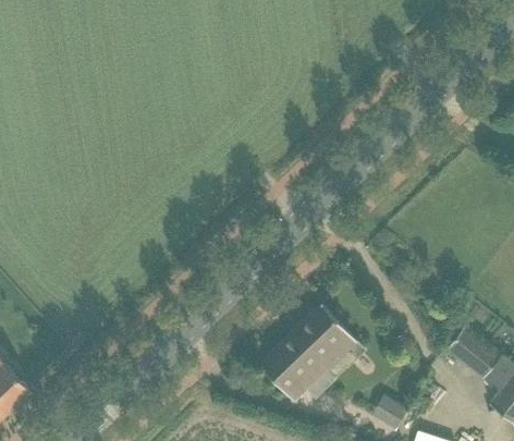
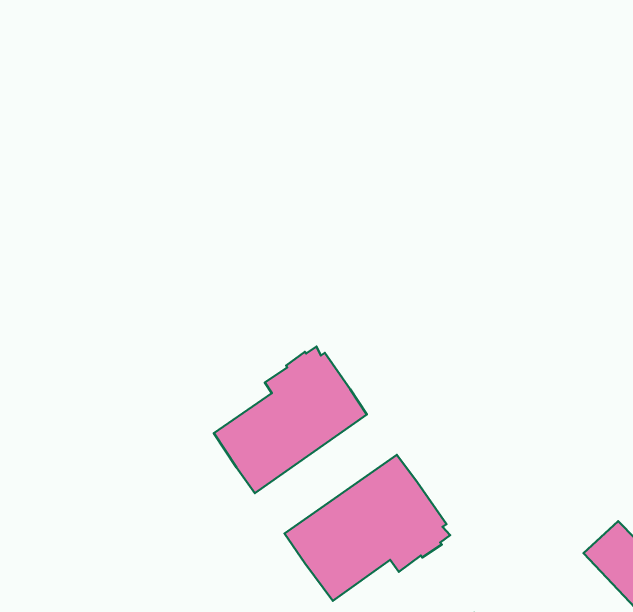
building: none -> [214,347,367,493]

